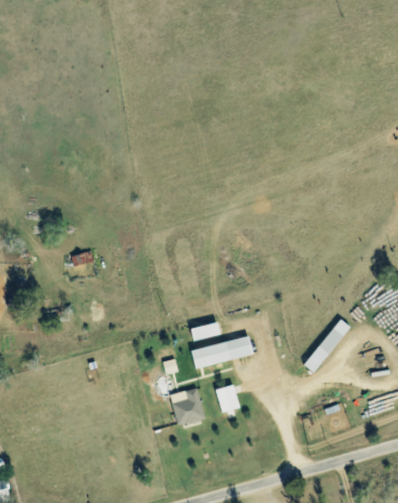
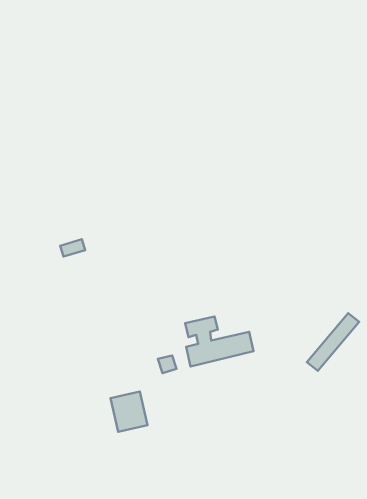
building: [216,385,239,412] -> none
building: [171,388,206,425] -> [110,392,147,432]

